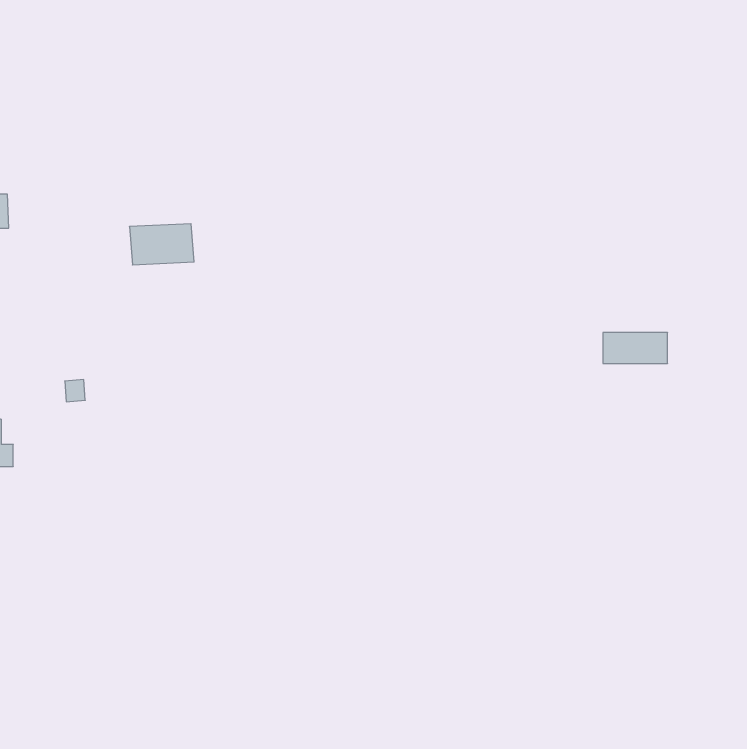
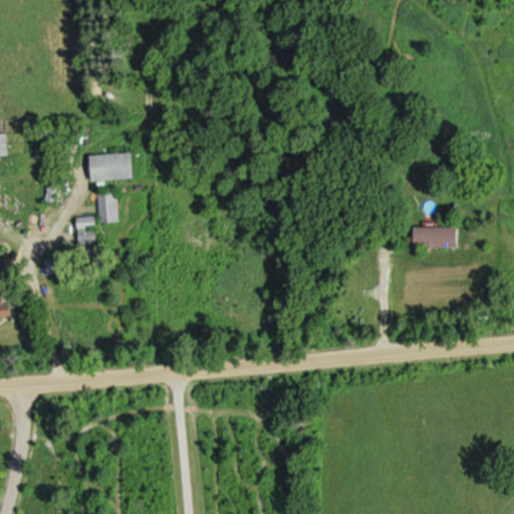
building: none -> [97,193,116,222]
building: none -> [76,217,92,244]

